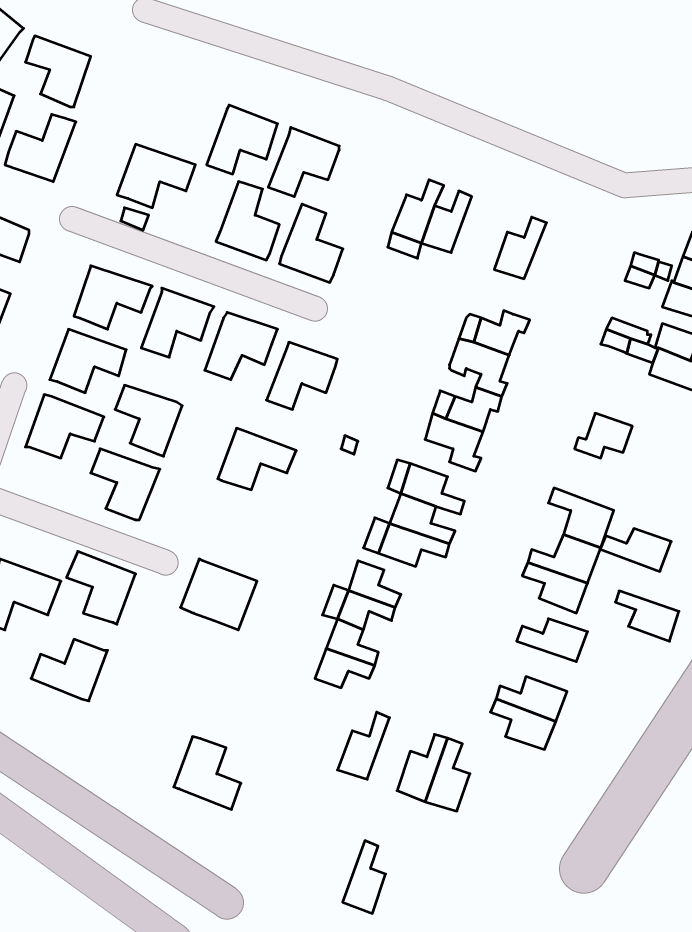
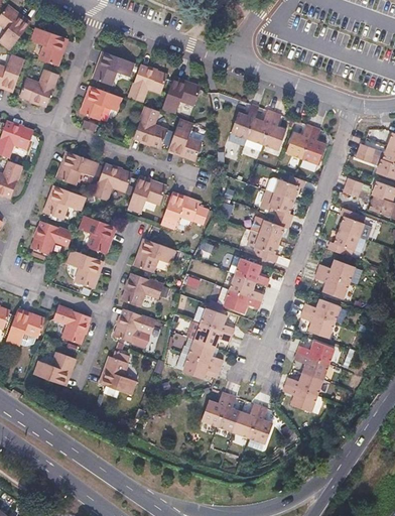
building: none -> [94,51,135,86]
building: none -> [261,114,284,150]
building: none -> [300,128,324,164]
building: none -> [339,209,363,238]
building: none -> [123,273,165,306]
building: [600,529,671,571] -> [316,260,355,283]
building: [615,591,679,641] -> [294,354,328,381]
building: [174,737,241,809] -> [101,357,137,396]
building: [343,841,386,913] -> [216,395,239,434]

